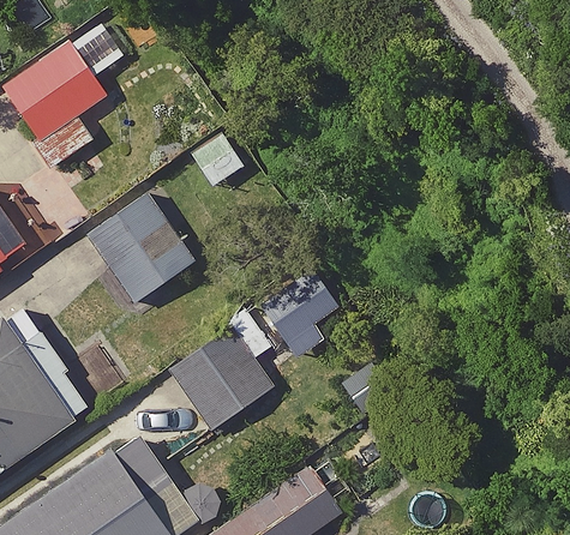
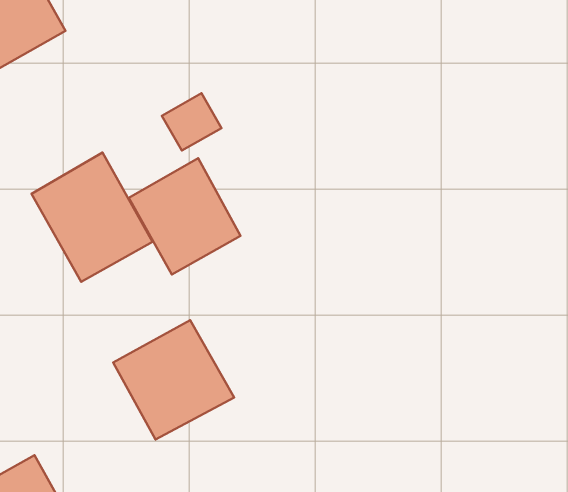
building: none -> [129,158,240,274]

